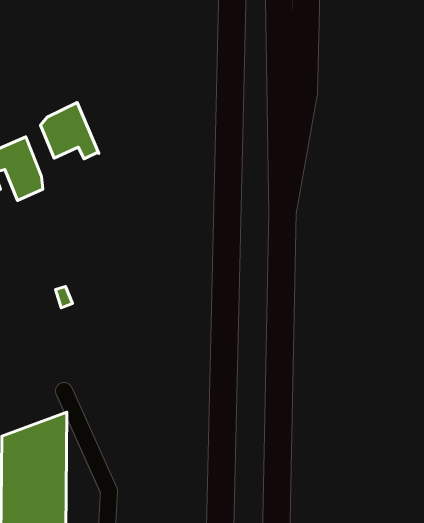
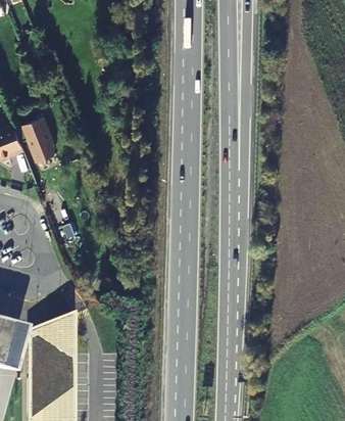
building: [40,102,99,159] -> none

